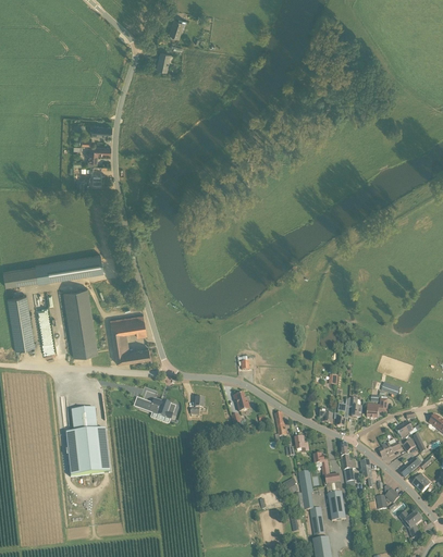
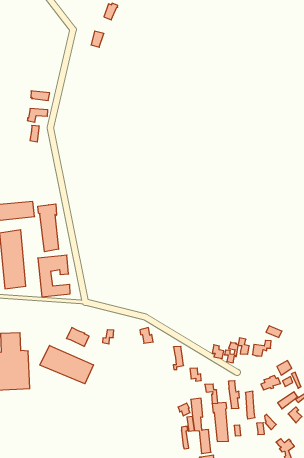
building: none -> [38,204,59,252]
building: none -> [40,345,93,384]

